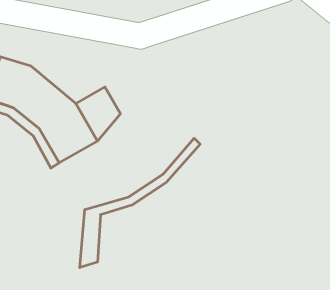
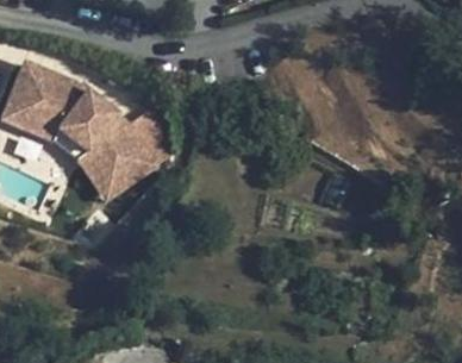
building: [80,138,200,268] -> none

